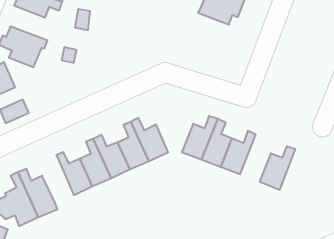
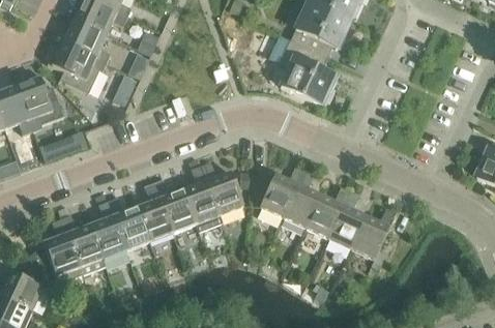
building: none -> [63,18,111,62]
building: none -> [268,35,336,106]
building: none -> [328,191,367,248]
building: none -> [90,201,126,259]

